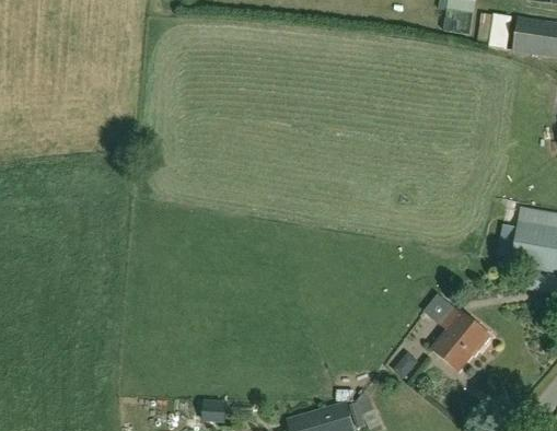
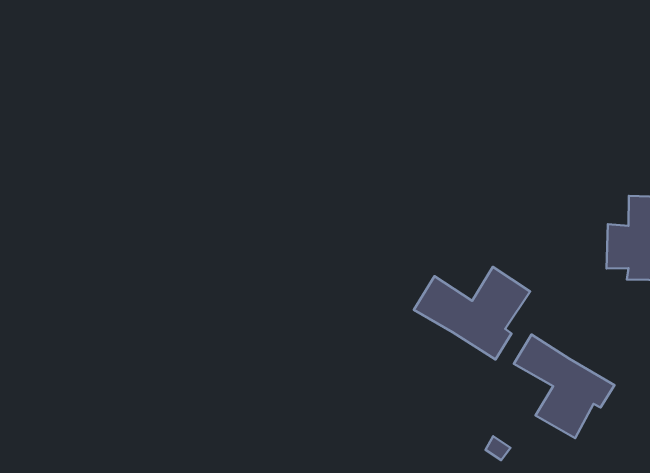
building: none -> [414,267,530,360]

